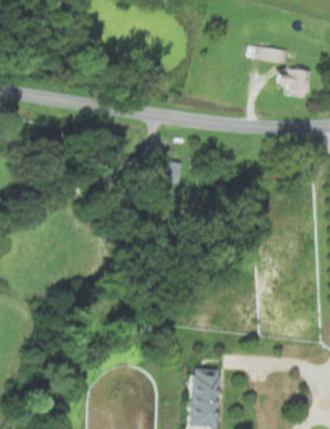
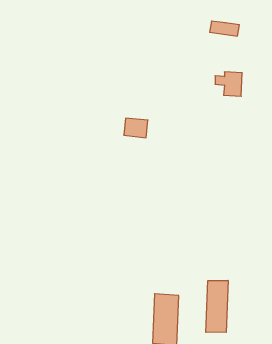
building: [278,68,310,97] -> [215,72,242,96]
building: none -> [206,280,228,332]

